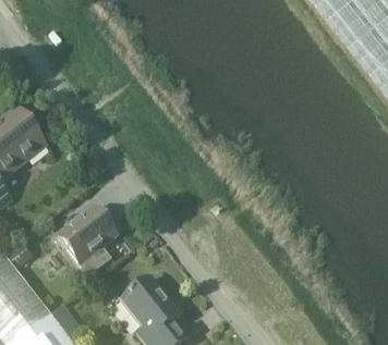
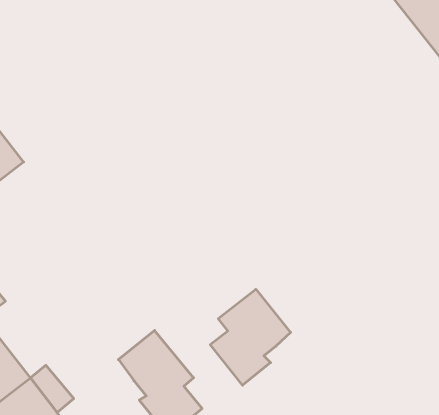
building: [57,207,116,275] -> none
building: none -> [210,289,291,385]

